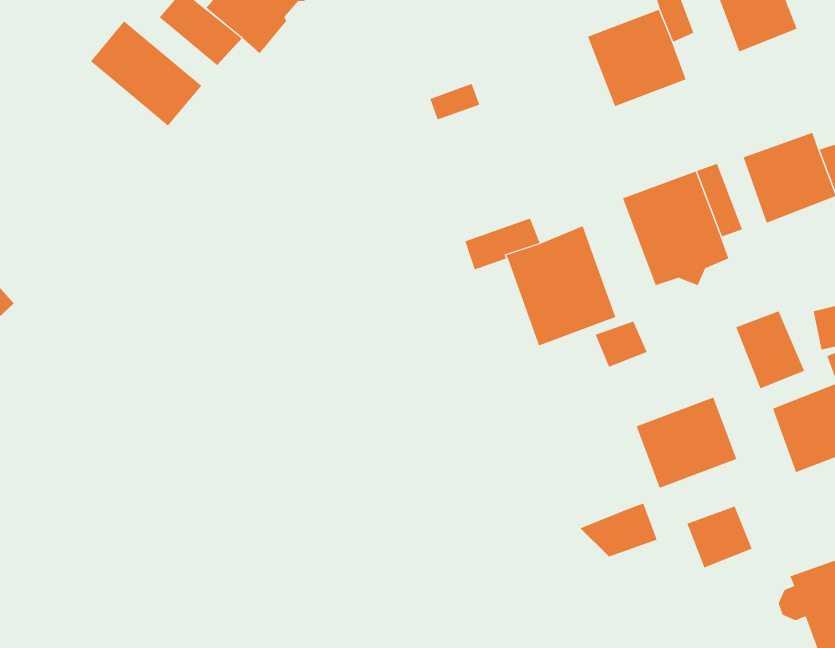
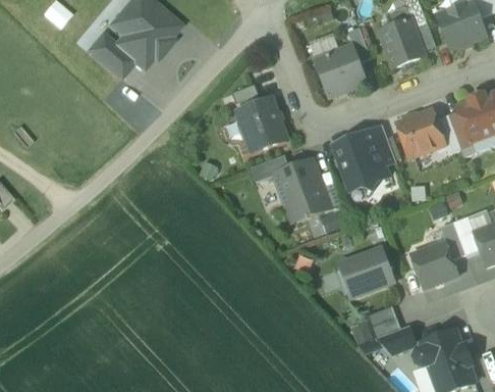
building: [90,21,202,126] -> none
building: none -> [237,97,286,152]
building: [736,310,805,389] -> none
building: [580,503,657,557] -> [375,325,416,353]

